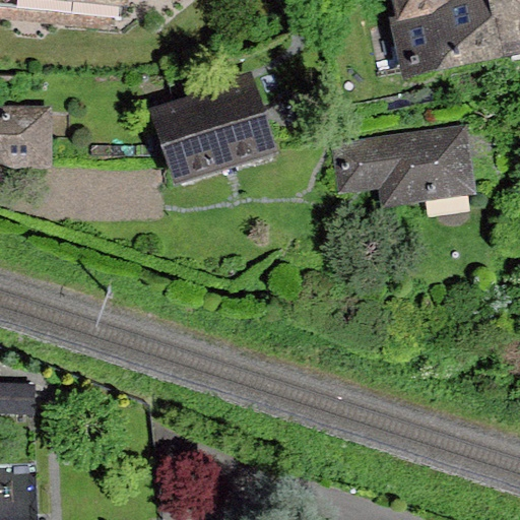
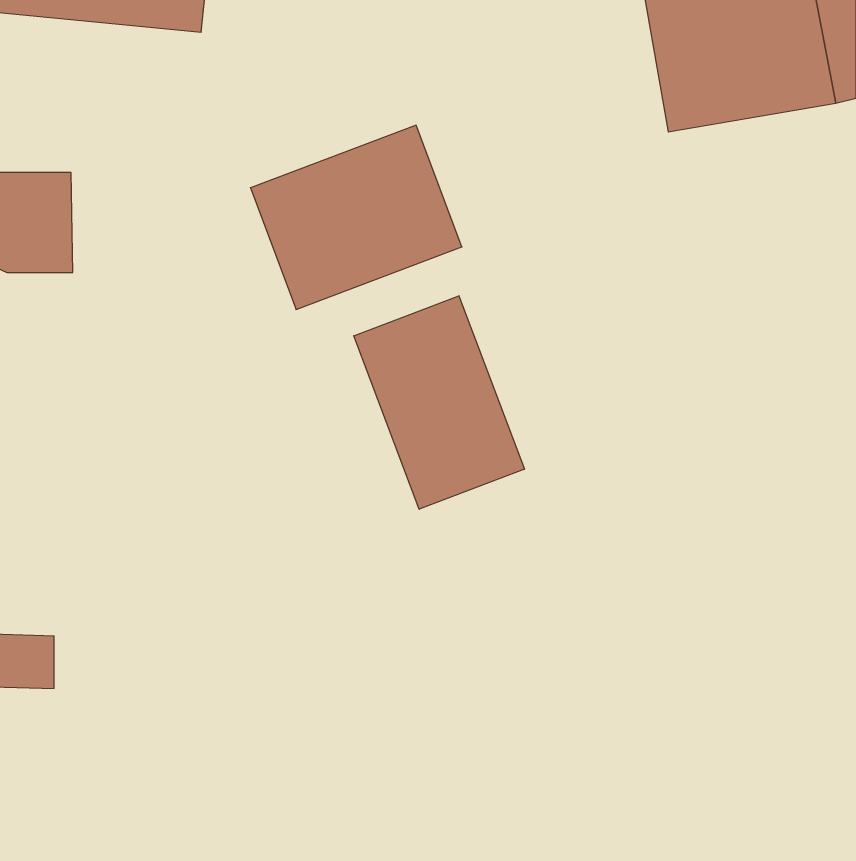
building: [334,126,472,205] -> none
building: none -> [354,296,524,509]

